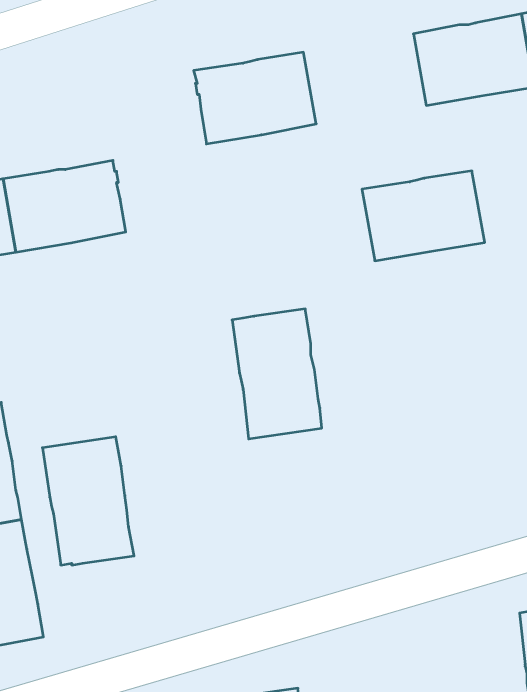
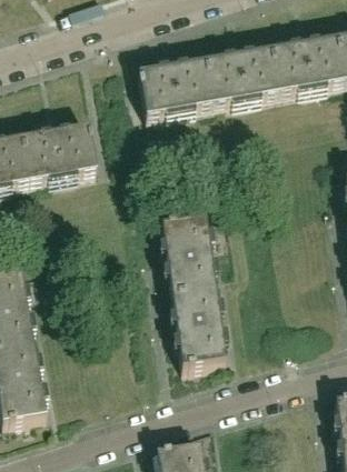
building: [362,171,485,261] -> [204,48,278,102]
building: [42,437,134,565] -> [170,287,226,364]

